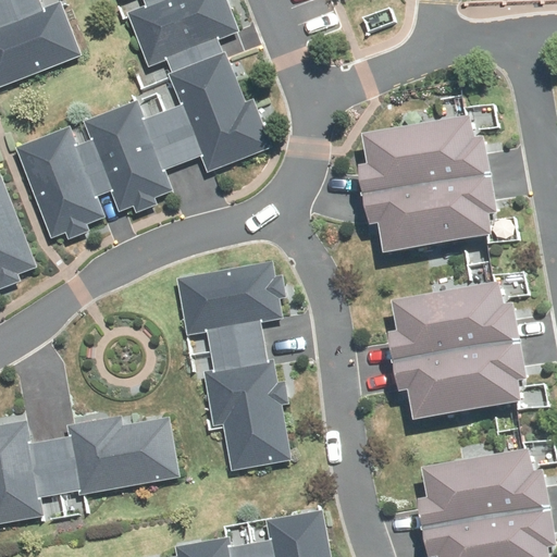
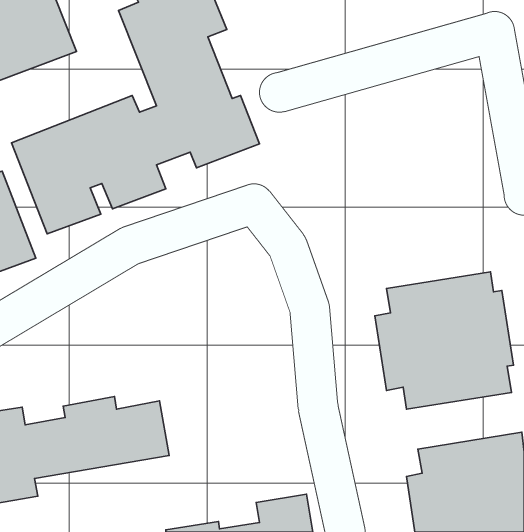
building: [360,115,505,257] -> none
building: [174,261,290,469] -> none

